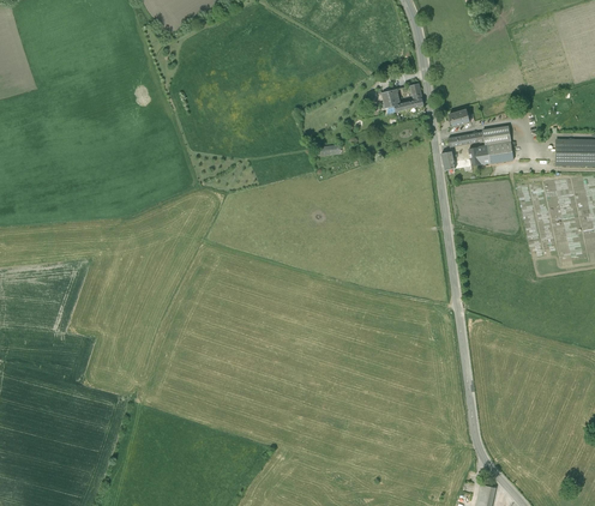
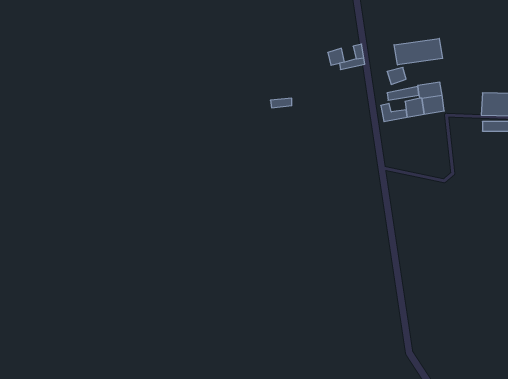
building: none -> [394,38,443,65]

